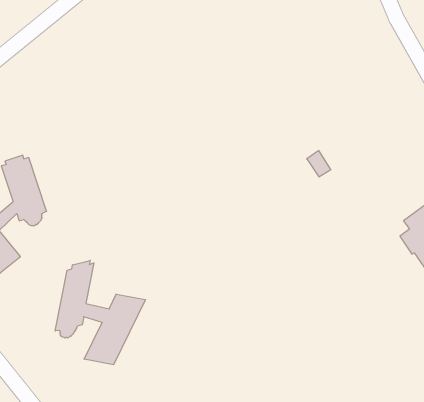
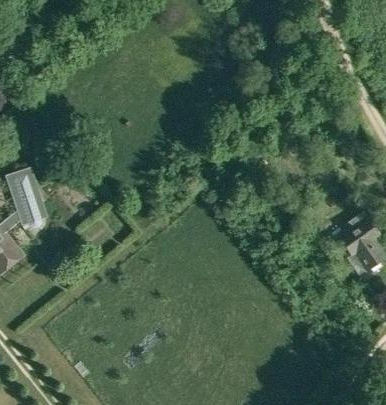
building: [55,260,145,365] -> none

